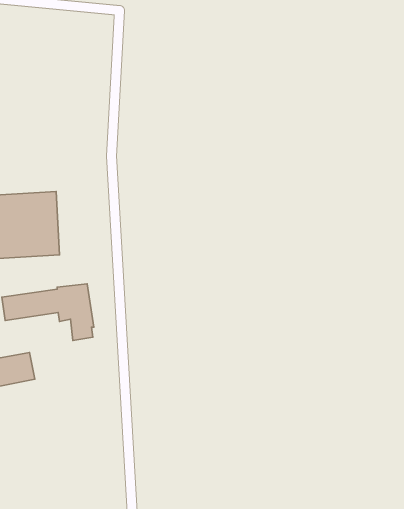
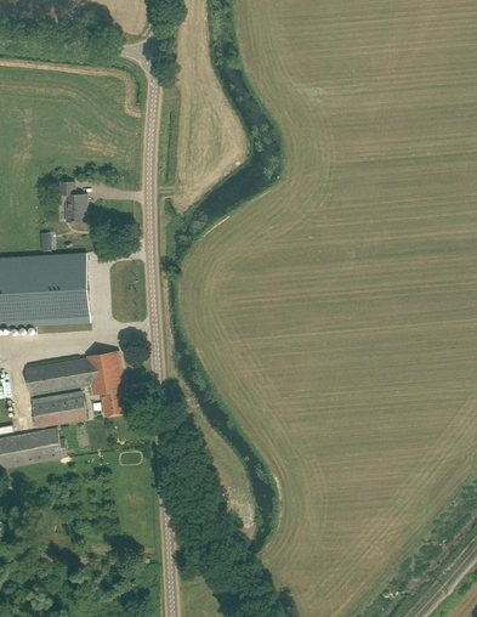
building: none -> [58,182,85,222]
building: none -> [29,392,85,428]

